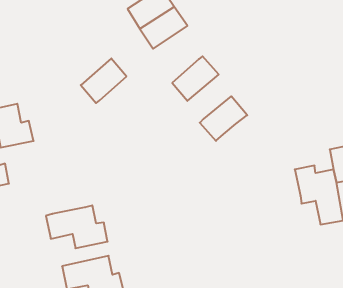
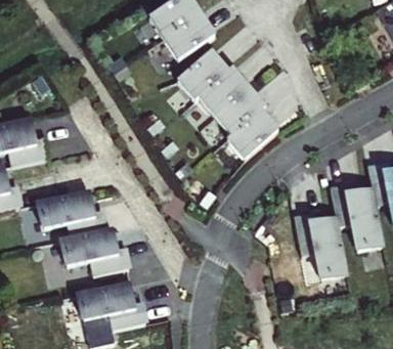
building: [81,58,126,103] -> [178,50,227,98]
building: none -> [215,86,265,134]
building: none -> [39,190,105,236]
building: none -> [295,213,347,276]

